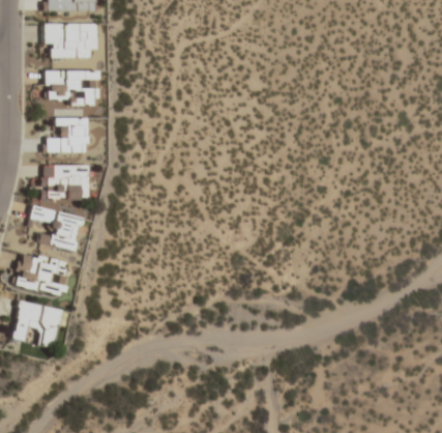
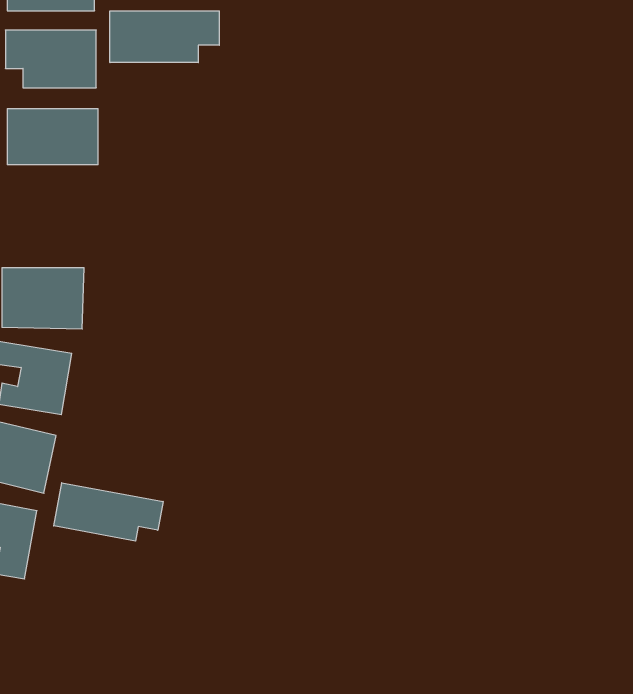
building: none -> [110,11,219,63]
building: [45,118,87,152] -> none
building: none -> [54,483,163,541]

